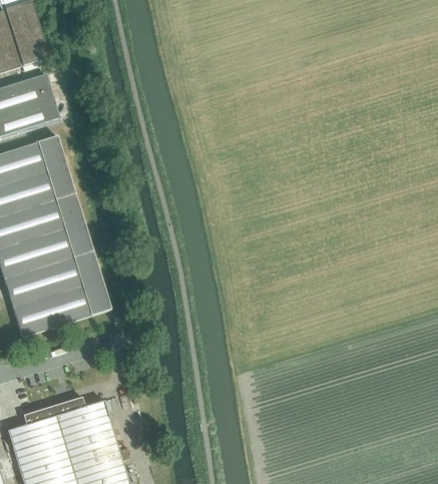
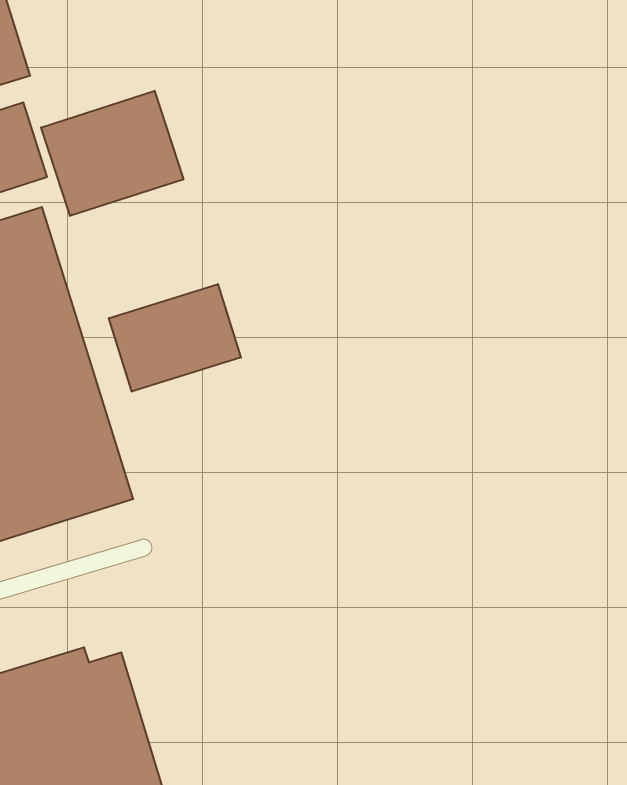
building: none -> [41,91,183,216]
building: none -> [109,284,241,392]

